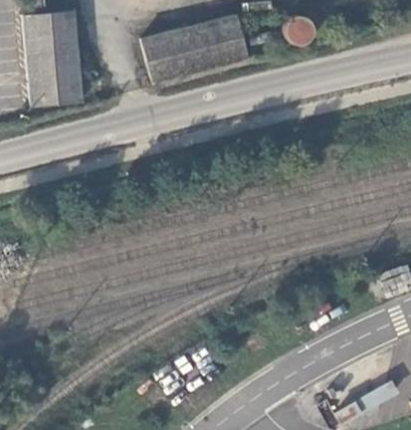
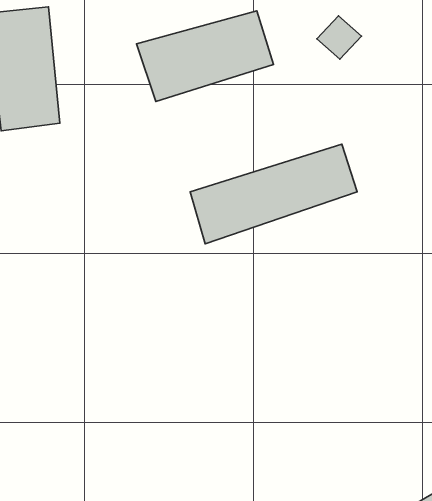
building: none -> [190,144,357,244]

